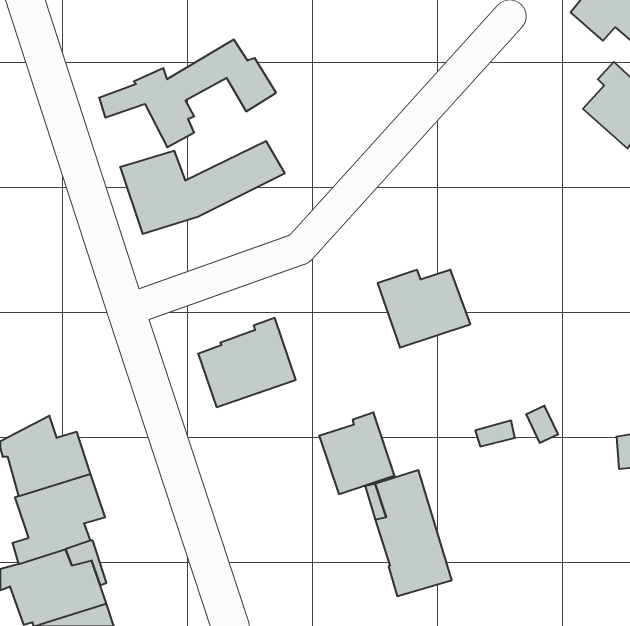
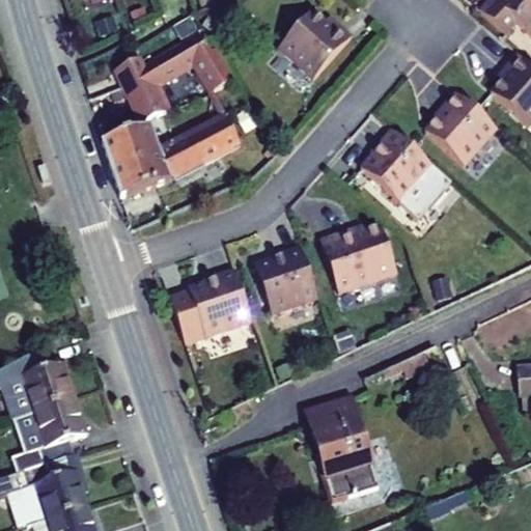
building: none -> [278,8,351,77]
building: none -> [424,90,496,164]
building: none -> [361,128,448,217]
building: [319,412,395,494] -> [253,244,316,312]

